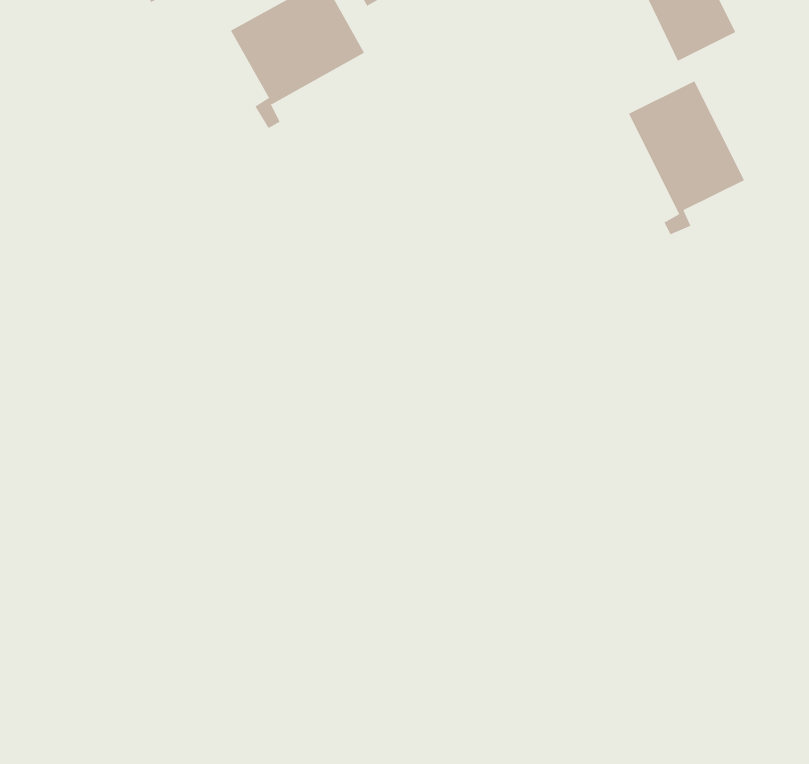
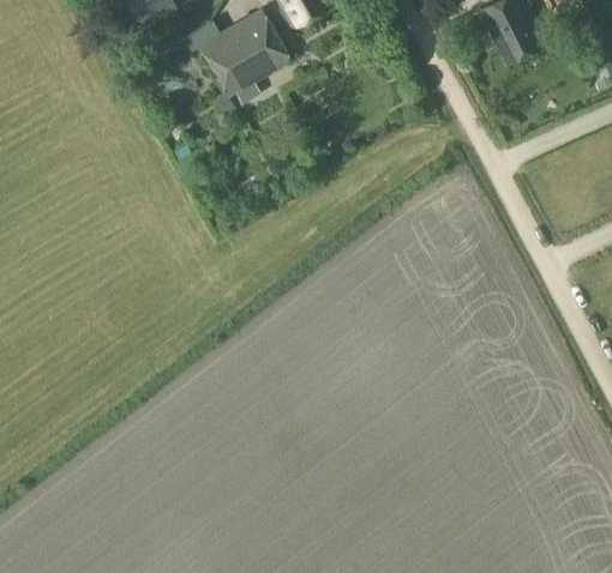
building: [628,80,745,235] -> none

